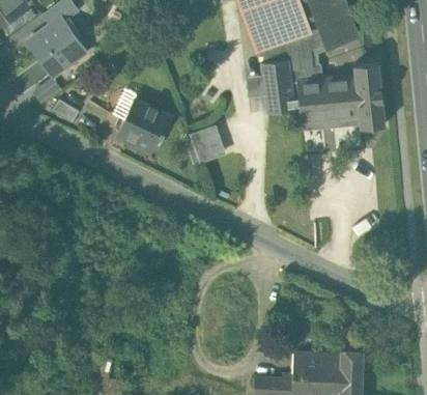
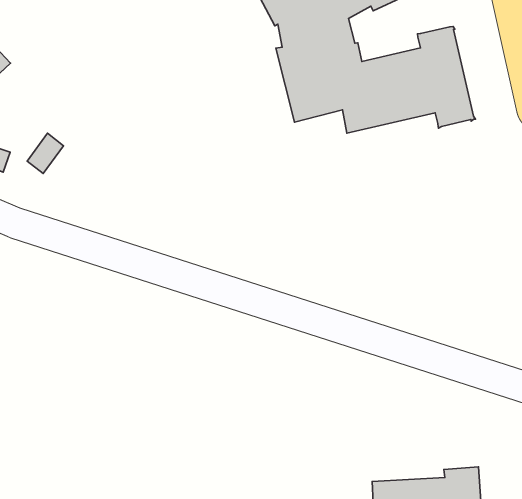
building: [121,103,172,154] -> none
building: [190,125,226,164] -> none

